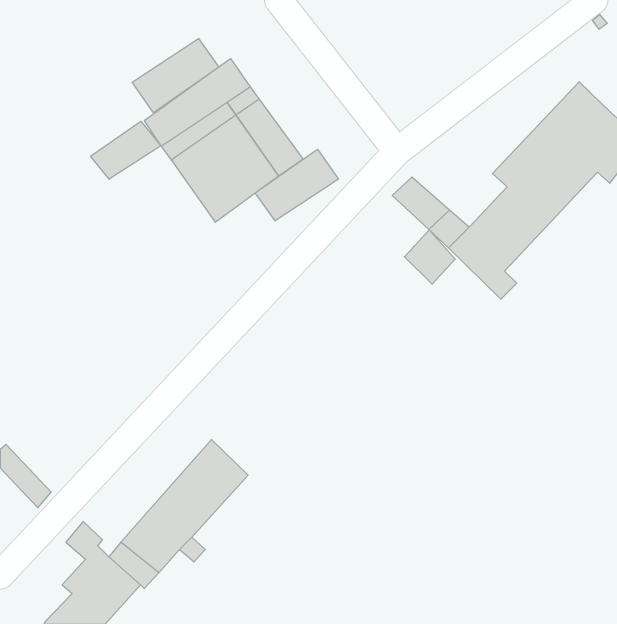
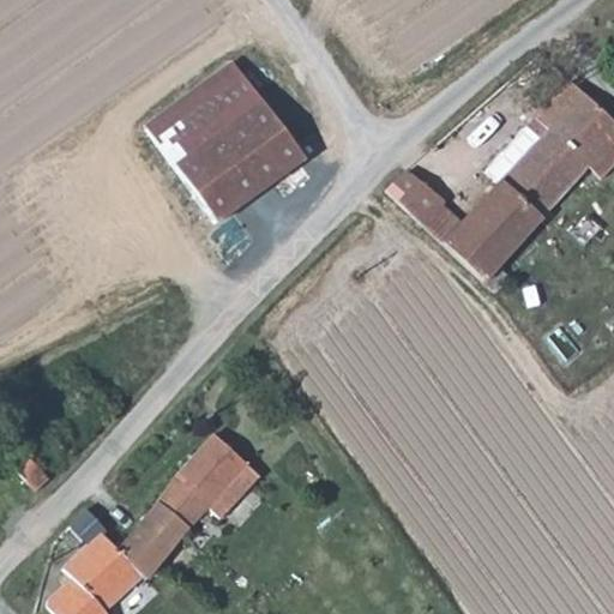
building: [132,39,219,113] -> none
building: [91,121,161,179] -> none
building: [255,149,339,221] -> none
building: [404,230,455,284] -> none

